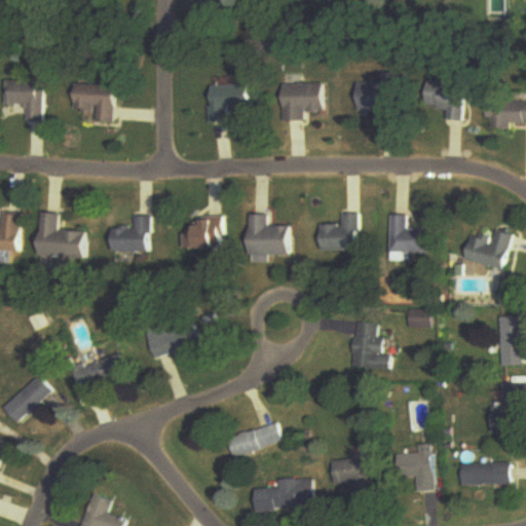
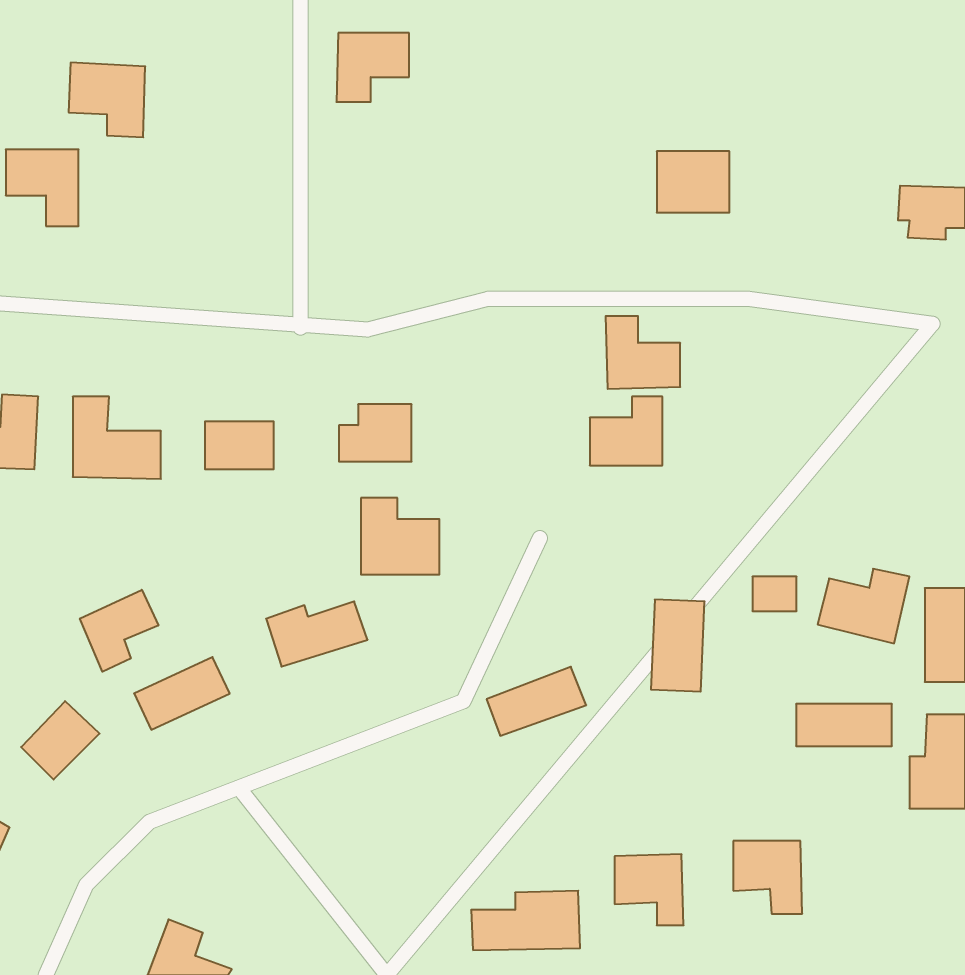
building: [422,80,463,120] -> none
building: [73,83,114,123] -> [69,63,145,137]
building: [279,83,320,119] -> none
building: [208,85,247,122] -> [336,33,409,102]
building: [246,214,288,255] -> [361,498,439,575]
building: [386,214,426,253] -> [606,316,680,389]
building: [461,229,511,269] -> [818,569,909,643]
building: none -> [80,590,158,672]
building: [226,421,279,458] -> [487,667,586,736]
building: [456,462,508,485] -> [796,704,892,746]

